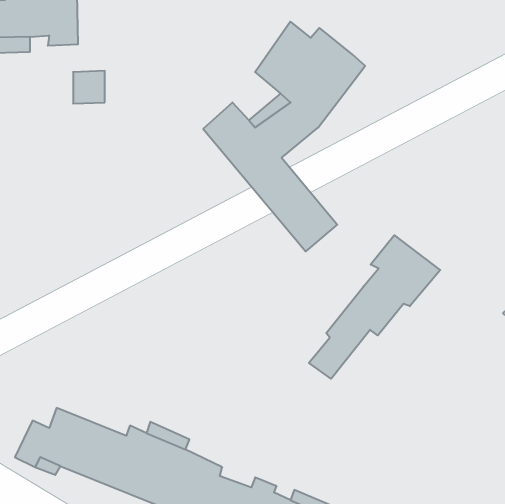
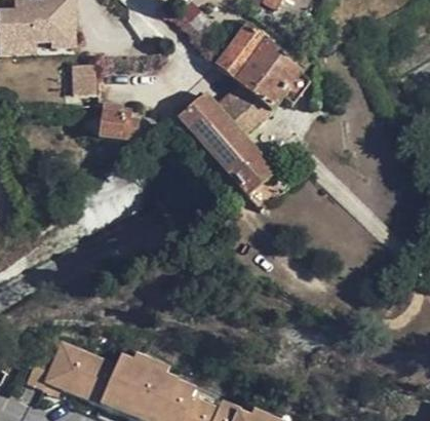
building: none -> [107,109,135,144]
building: [309,235,440,379] -> none

